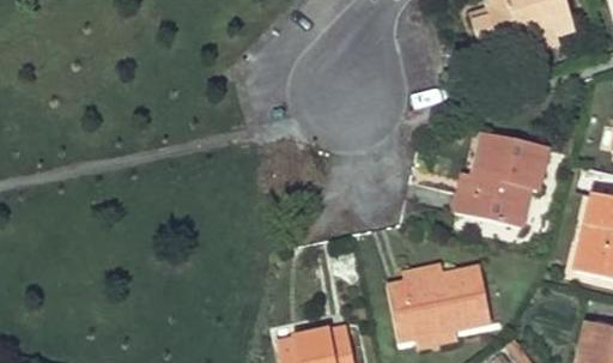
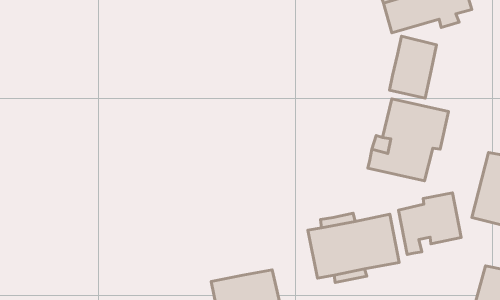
building: none -> [389,36,437,98]
building: none -> [398,193,461,255]

